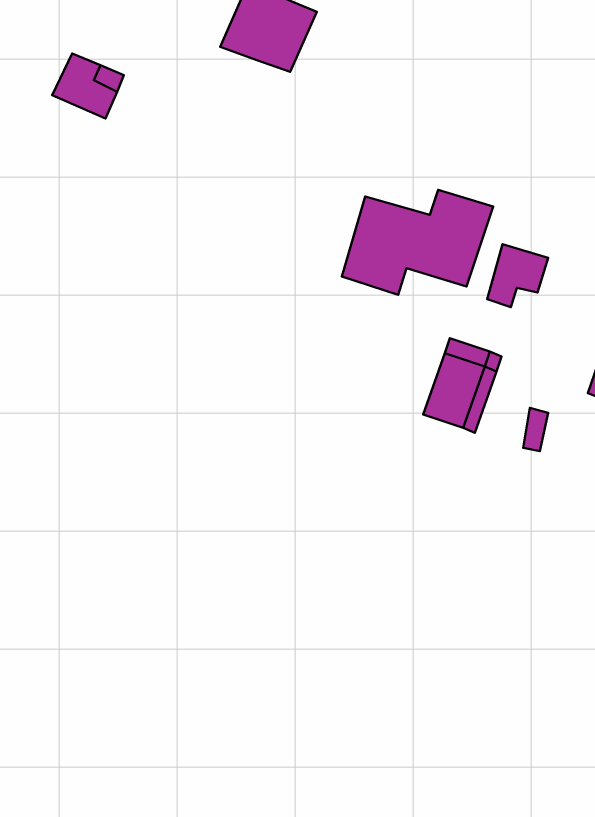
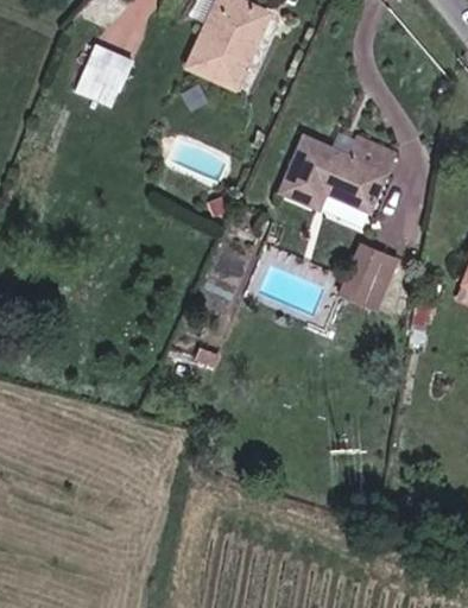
building: none -> [186,37,248,86]
building: [487,244,548,307] -> none

